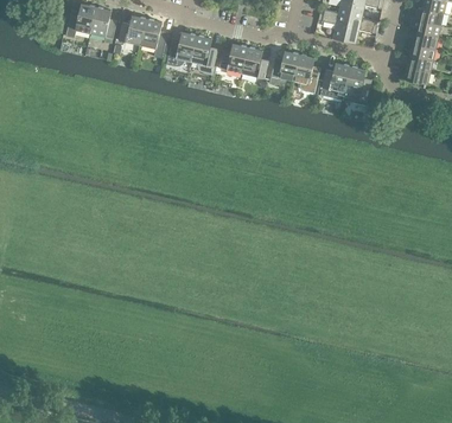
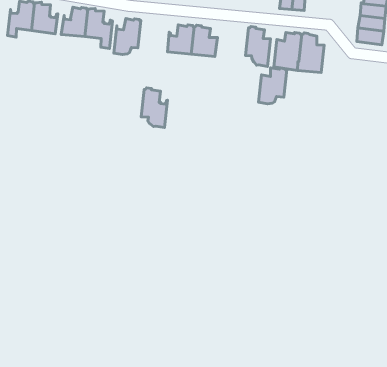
building: [191,34,218,75] -> [141,88,168,128]
building: [269,51,300,85] -> [259,68,287,104]

